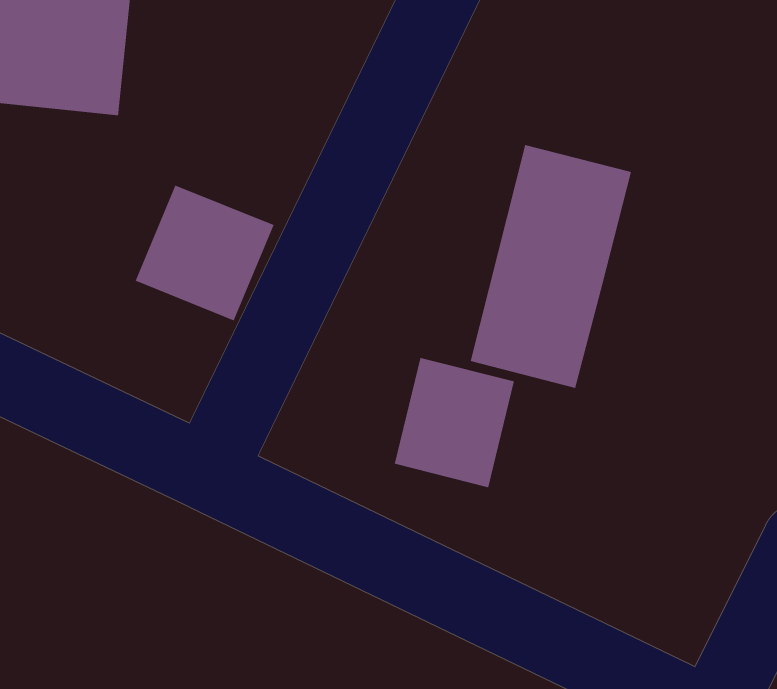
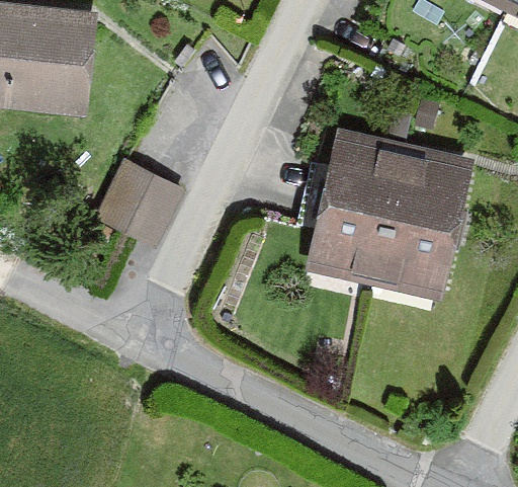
building: none -> [371,148,477,303]
building: [394,357,515,488] -> none

